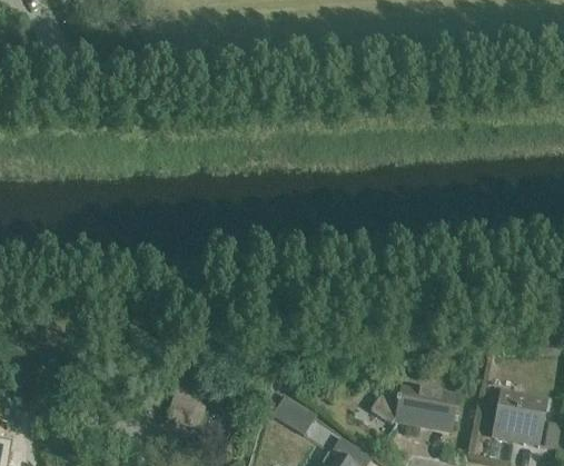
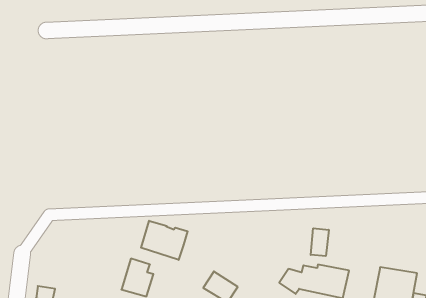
building: none -> [141,221,188,260]
building: none -> [311,228,329,256]

